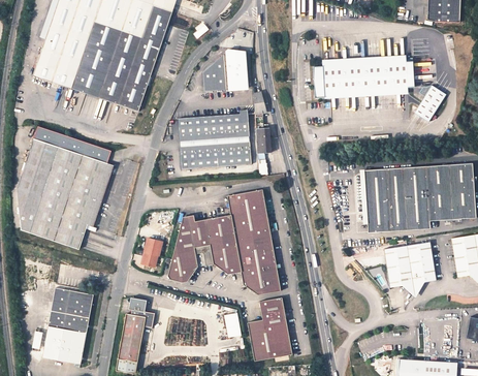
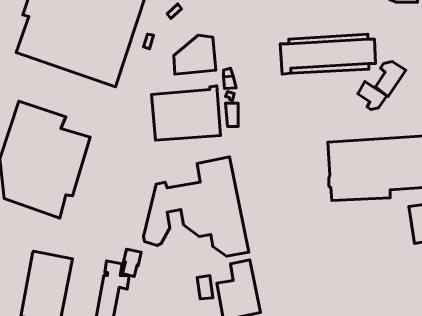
building: none -> [358,81,387,110]
building: [144,239,163,268] -> [122,249,141,277]
building: [383,242,436,295] -> none

